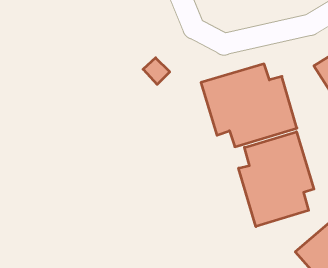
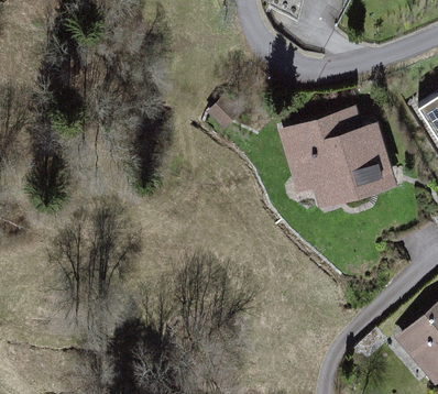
building: [239,132,314,227] -> none

